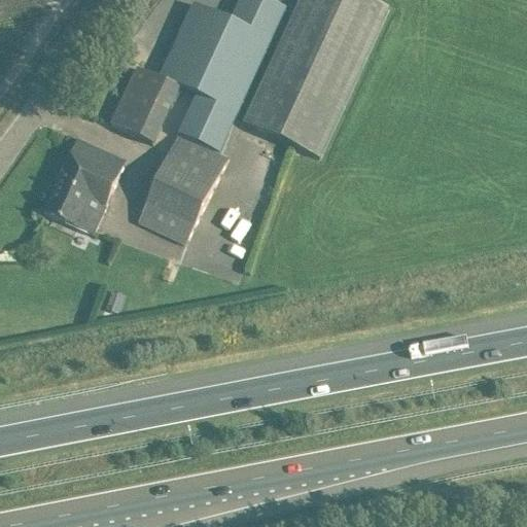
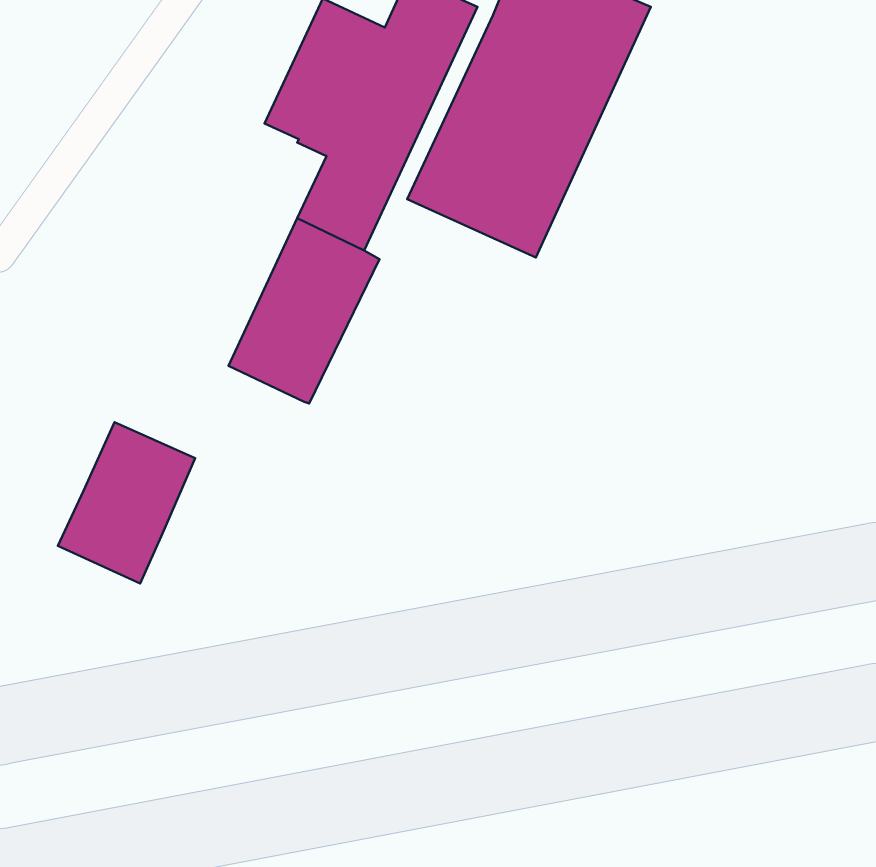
building: [110,65,179,142] -> none
building: [43,136,126,233] -> [58,422,195,583]

